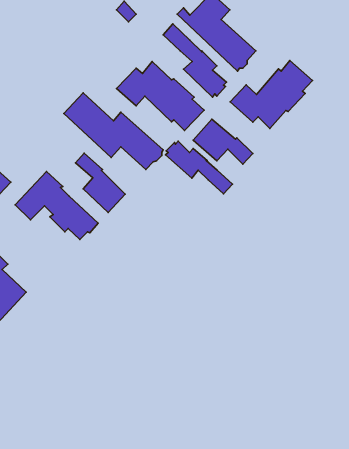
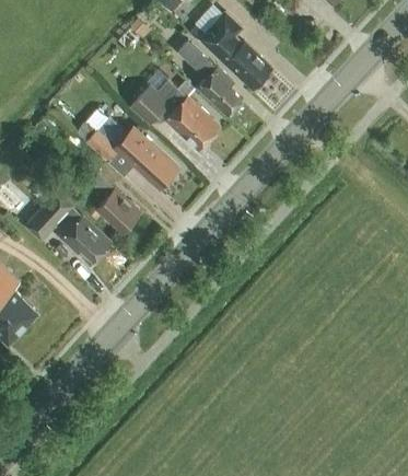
building: [230,60,312,129] -> none
building: [193,119,253,164] -> none
building: [166,141,233,194] -> none

